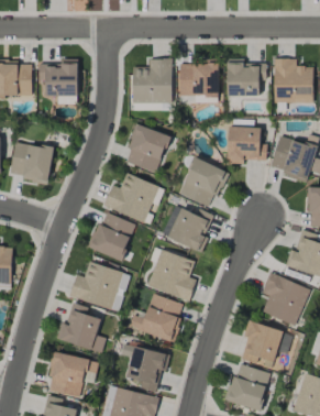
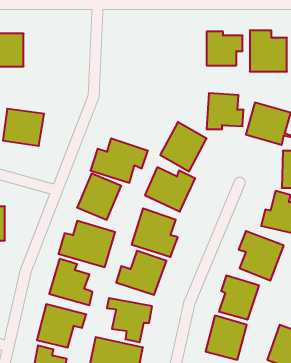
building: [132,58,172,102] -> none
building: [38,59,77,105] -> none
building: [178,62,218,101] -> none
building: [123,124,168,174] -> none

